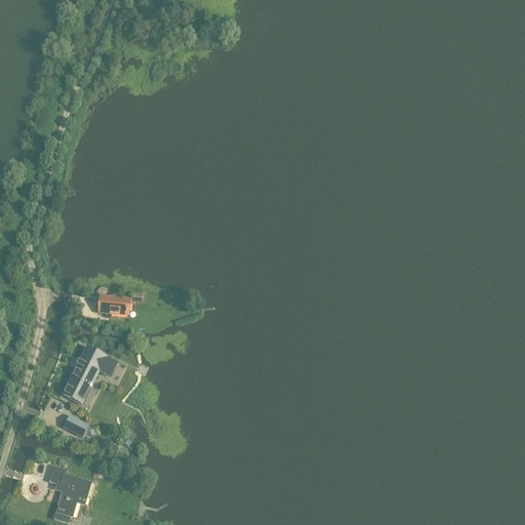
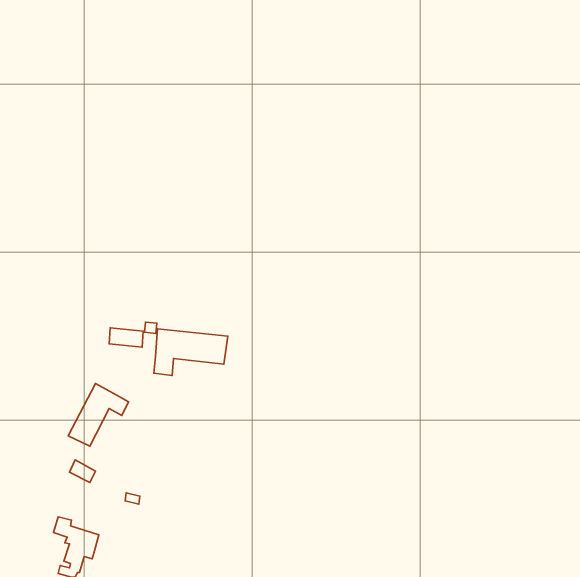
building: none -> [154,329,228,375]

